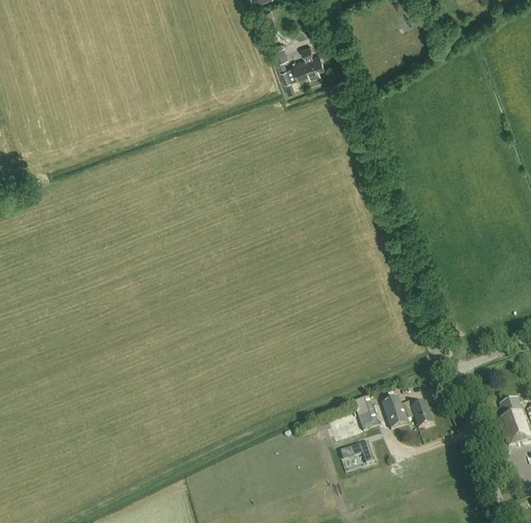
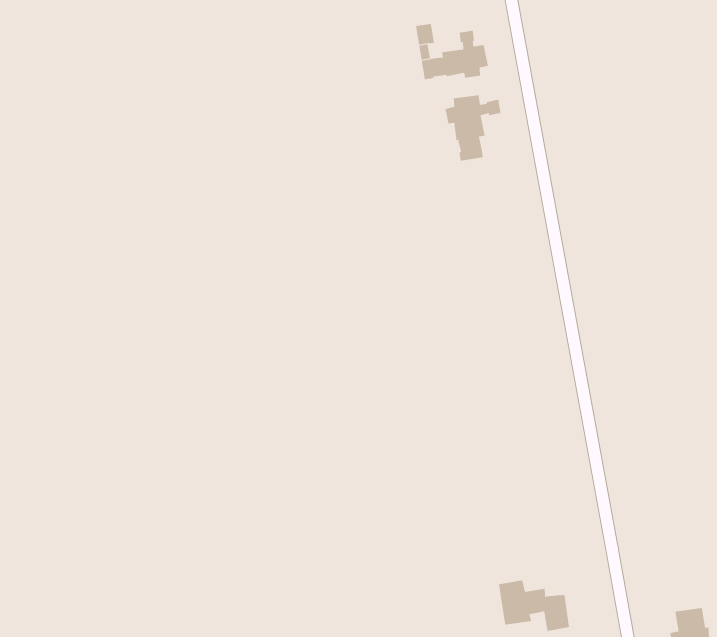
building: none -> [445,94,501,162]
building: [353,396,378,430] -> none

